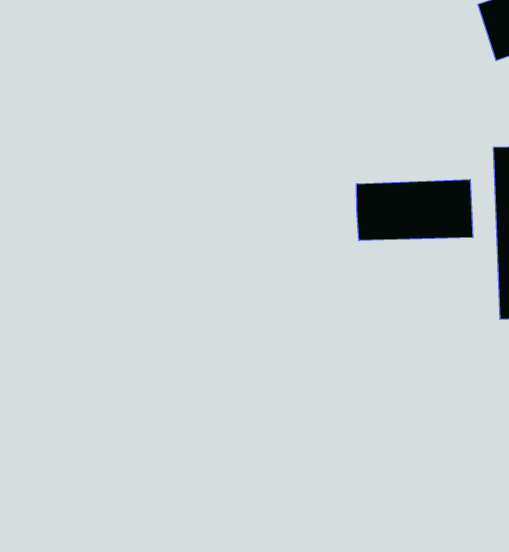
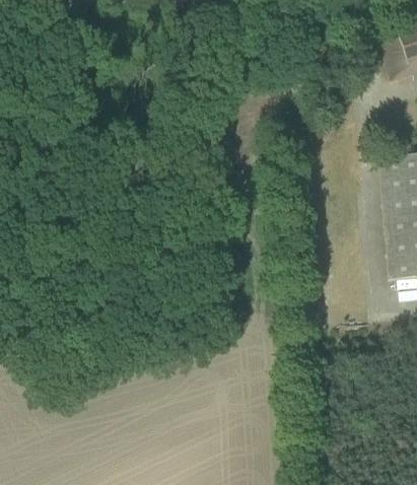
building: [357,179,473,241] -> none

